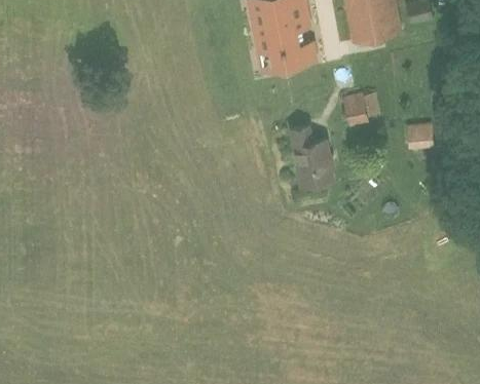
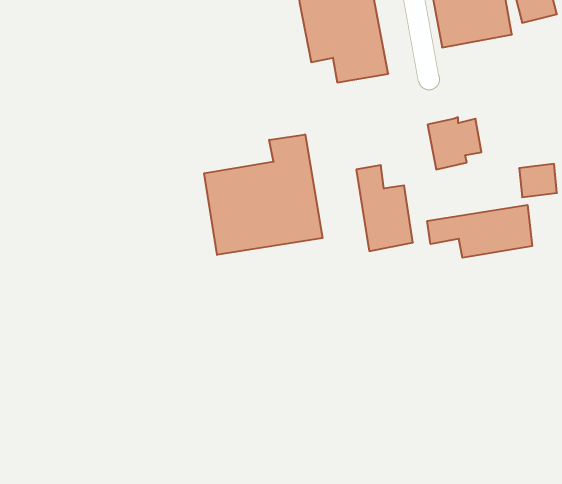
building: none -> [204,134,322,255]
building: none -> [427,205,532,258]

